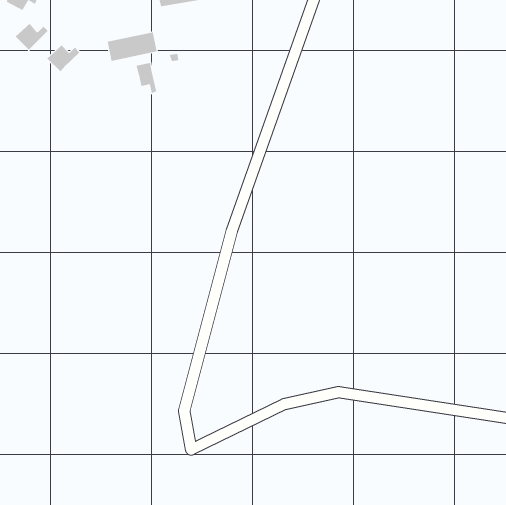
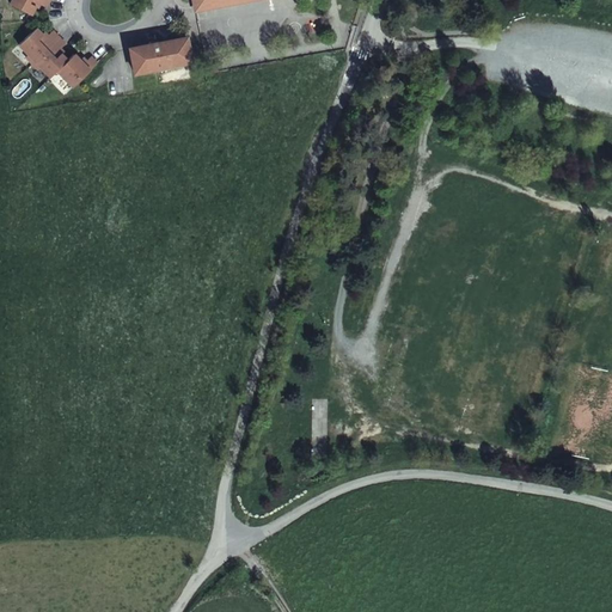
building: none -> [35,37,67,76]
building: [136,62,157,94] -> none

